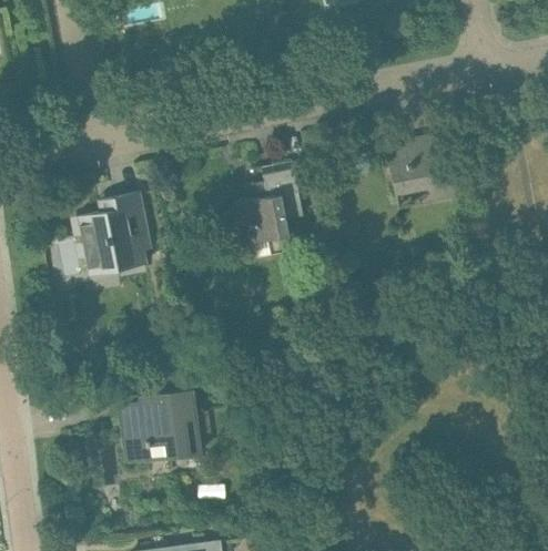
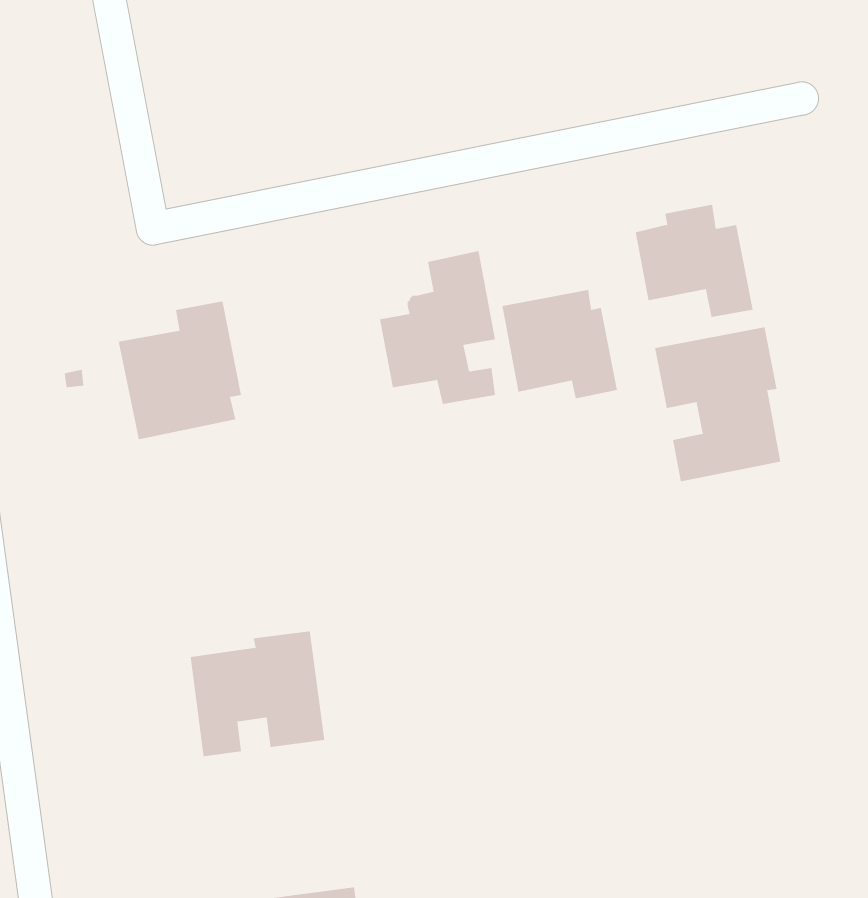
building: none -> [502,289,618,399]
building: none -> [655,326,781,482]

